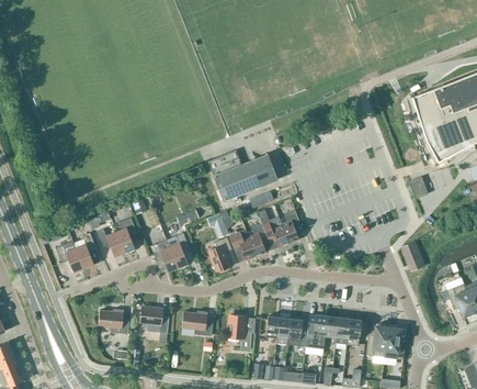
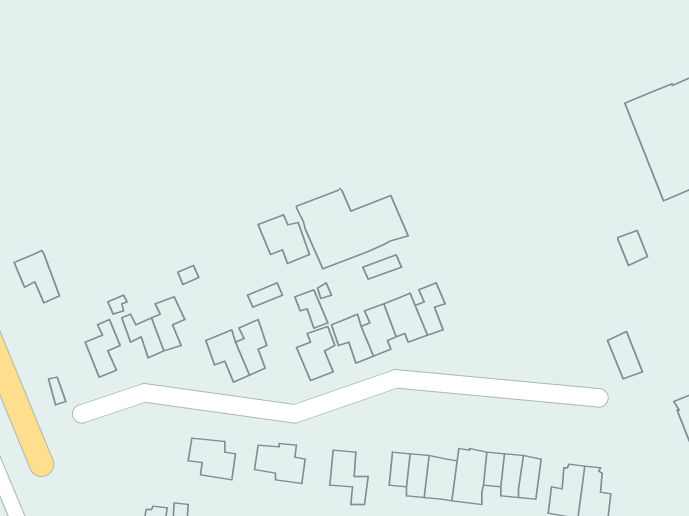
building: none -> [258,215,309,263]
building: [55,241,83,274] -> [14,250,59,303]
building: [98,309,129,334] -> none

